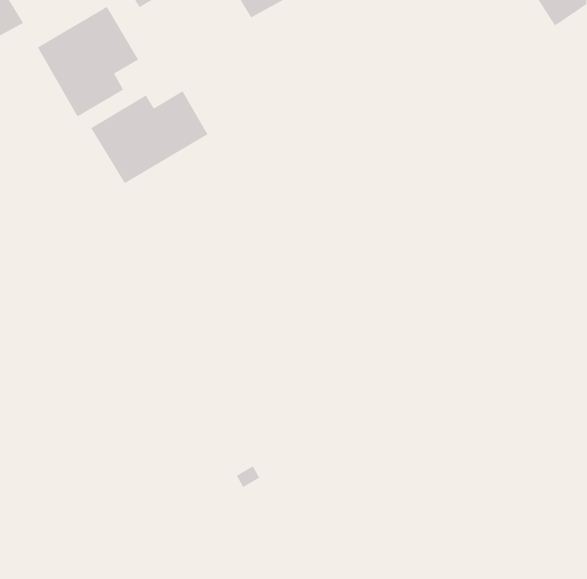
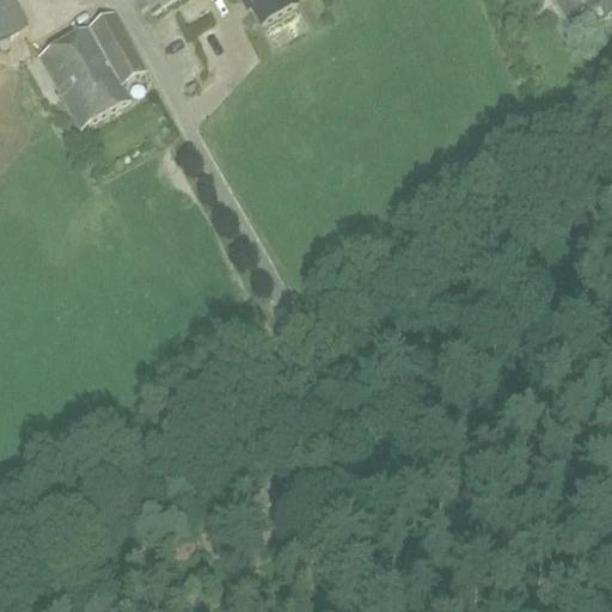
building: [90,90,209,184] -> none

